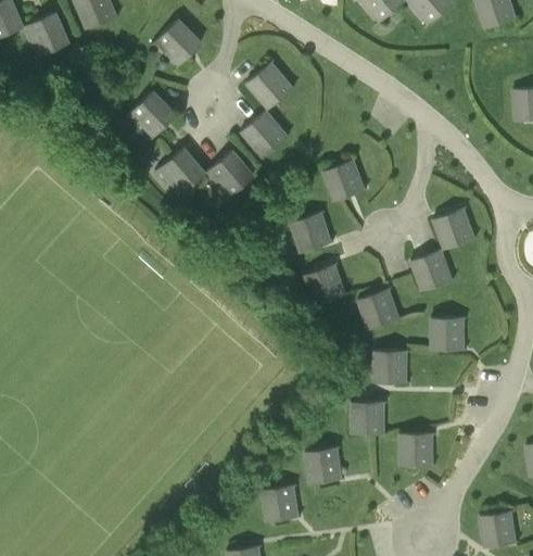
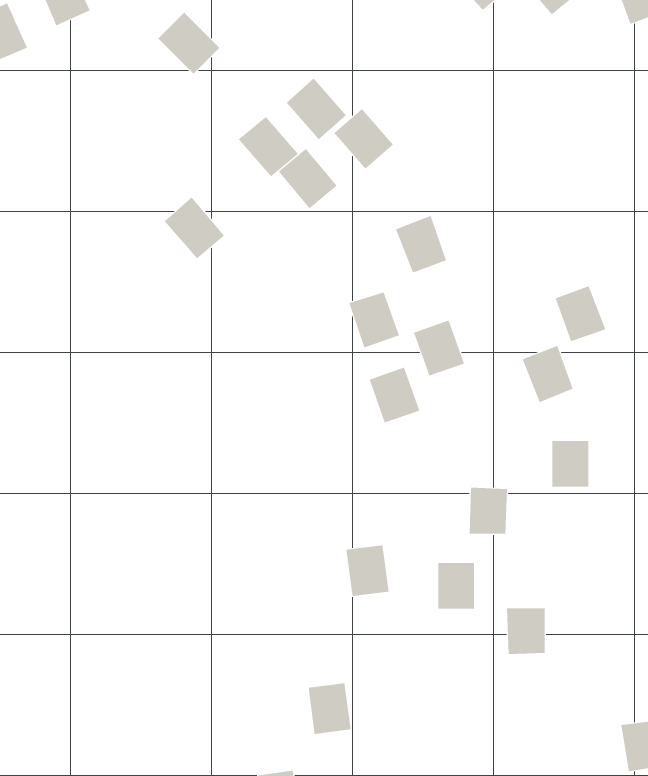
building: none -> [333,108,394,170]
building: [134,91,176,134] -> none
building: [212,151,254,193] -> [238,116,299,177]
building: [358,290,394,329] -> [413,320,465,376]
building: [306,447,337,483] -> [346,545,389,596]

